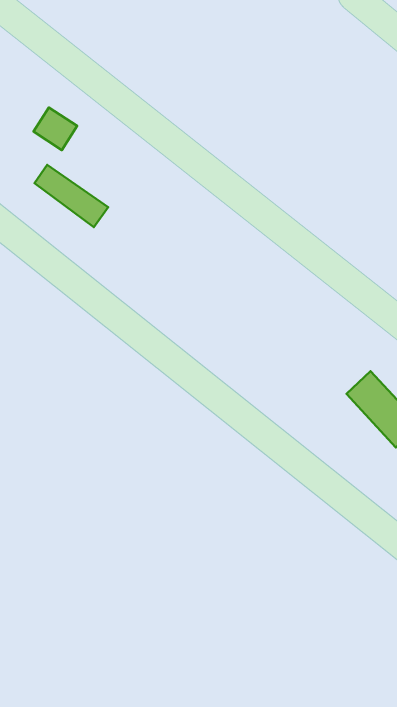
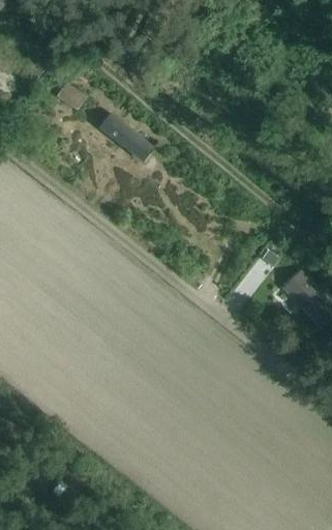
building: [34,165,108,227] -> [99,112,153,157]

